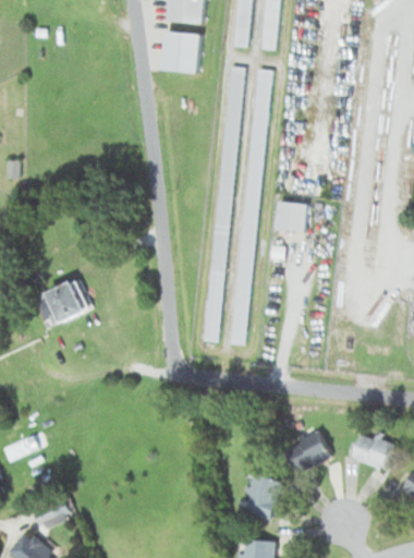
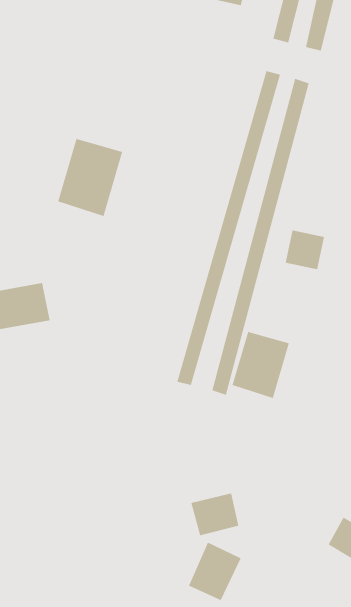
building: [165,34,203,74] -> none
building: none -> [57,138,123,217]
building: none -> [232,331,289,399]
building: [287,432,330,472] -> [191,493,239,536]

